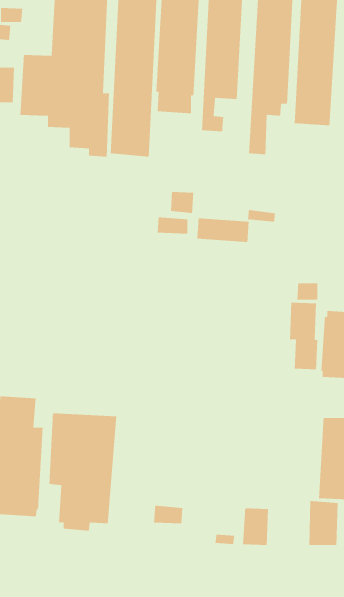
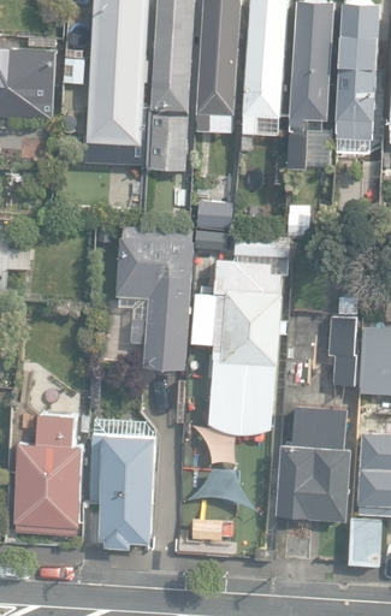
building: none -> [117,229,195,371]
building: none -> [209,261,280,437]
building: none -> [276,402,350,522]

